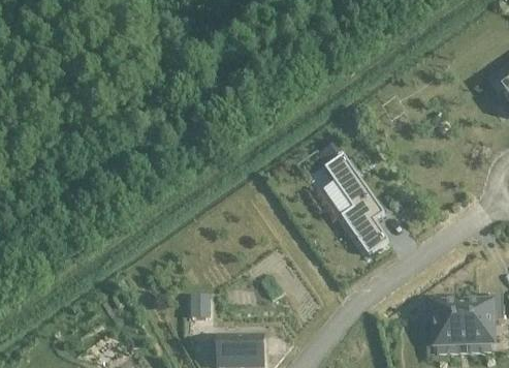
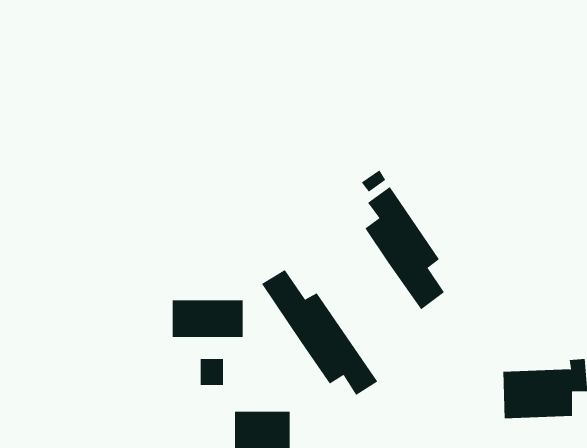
building: none -> [261,269,378,396]
building: none -> [172,300,243,338]

